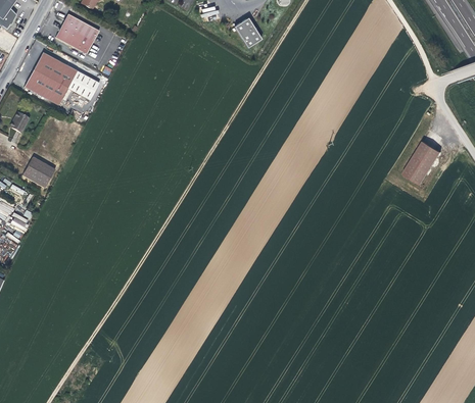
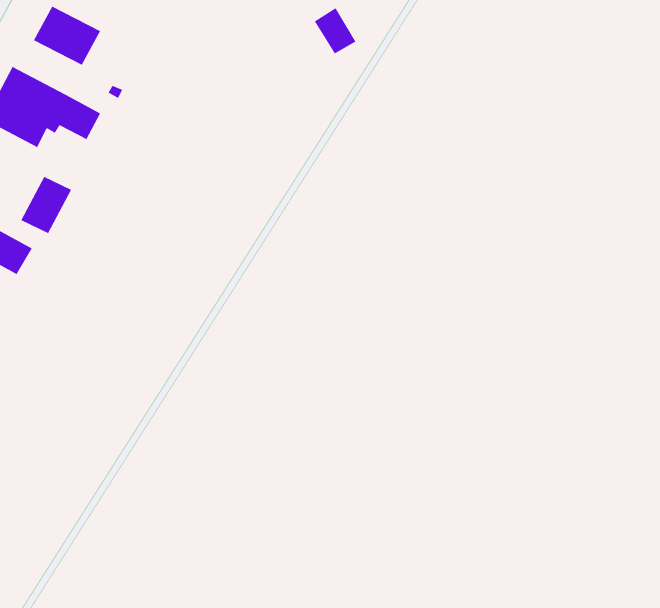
building: none -> [20,176,72,234]
building: [402,140,441,184] -> none

